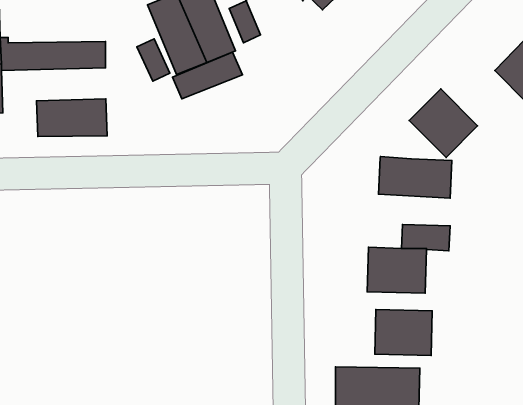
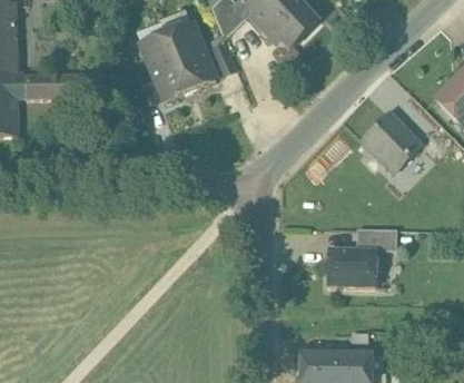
building: [173,52,243,99] -> none
building: [37,99,107,136] -> none
building: [379,157,452,198] -> none
building: [375,310,432,356] -> none

